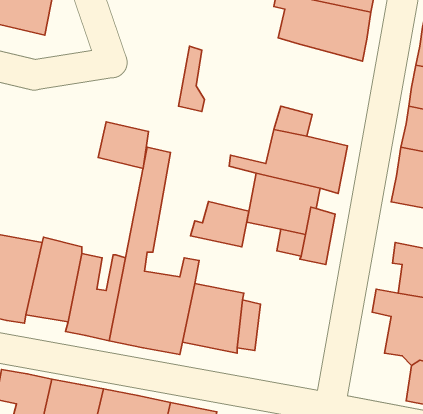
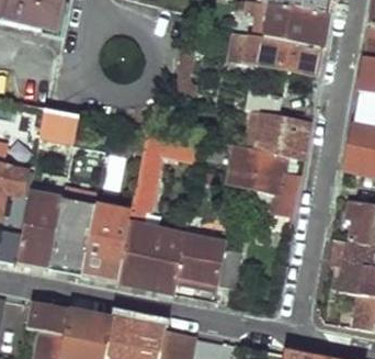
building: none -> [245,35,320,80]
building: [98,122,148,168] -> [38,105,79,143]
building: [190,201,249,247] -> none

